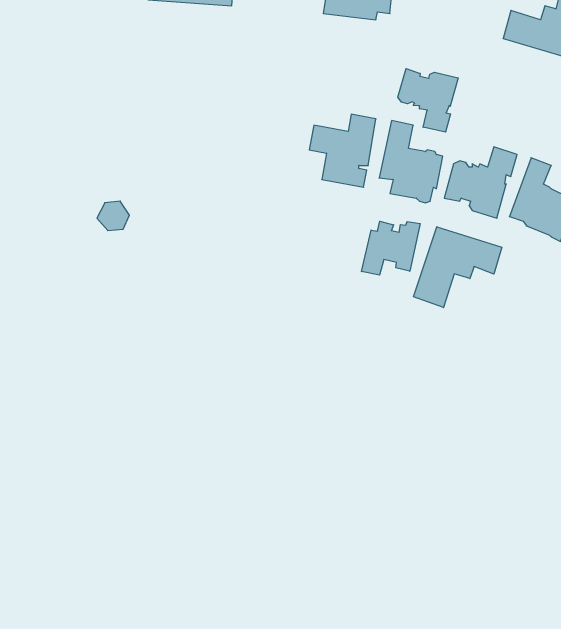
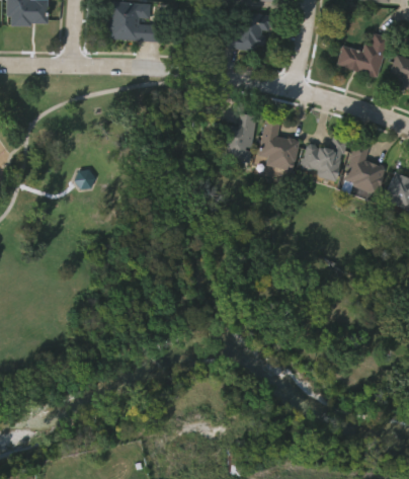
building: [398,69,458,132] -> none
building: [362,221,420,275] -> none
building: [414,227,502,308] -> none

